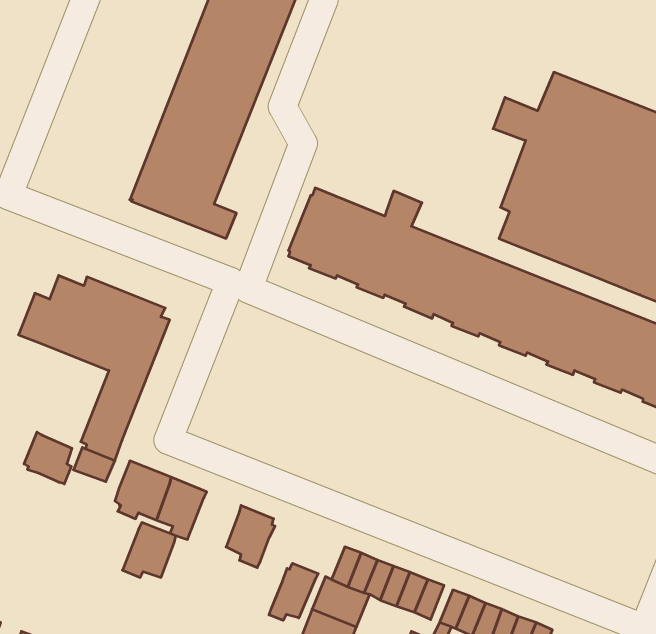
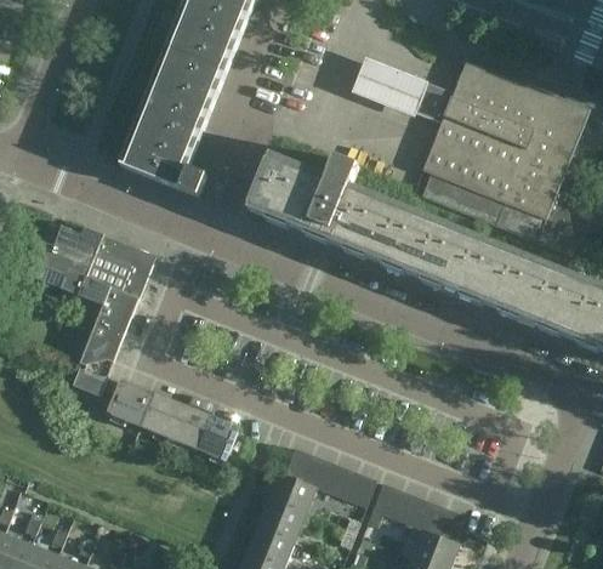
building: none -> [351,53,427,113]
building: [24,432,72,484] -> none
building: [122,523,176,577] -> [166,403,210,448]
building: [269,563,318,620] -> none

